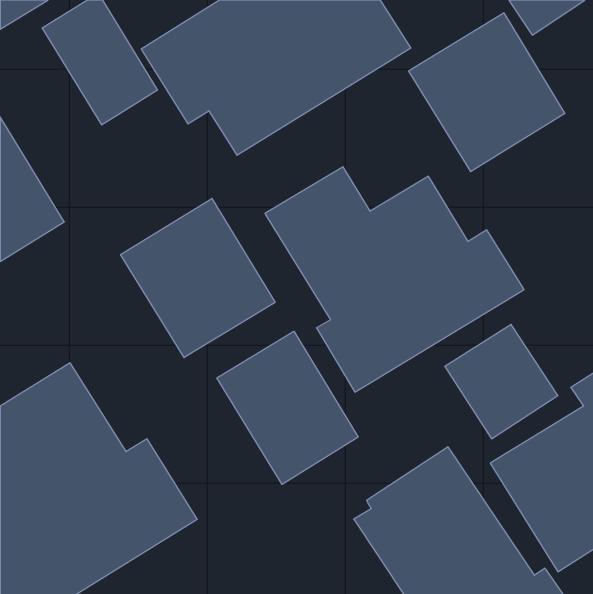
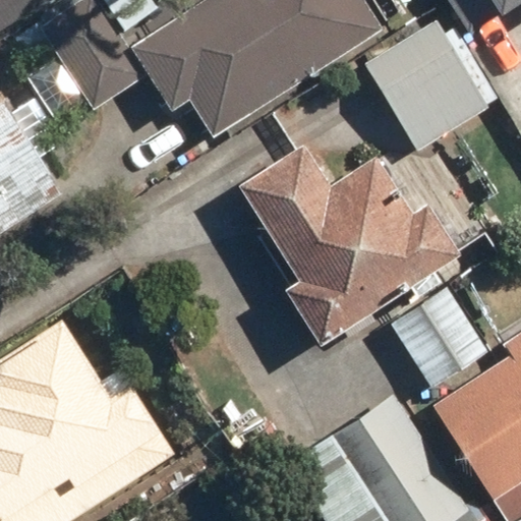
building: [121,198,275,358] -> none
building: [217,331,358,484] -> none

